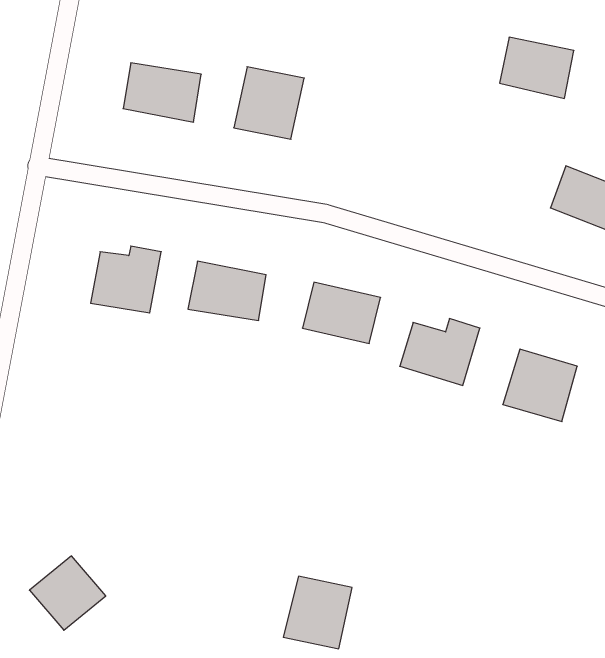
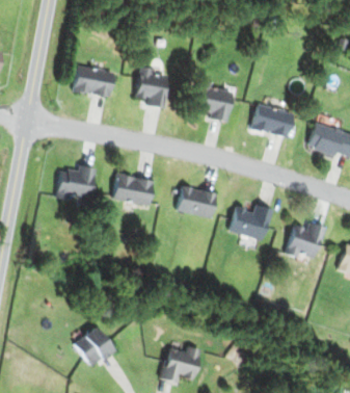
building: [500,37,574,98] -> [254,105,295,138]
building: none -> [199,83,236,122]
building: [29,556,106,630] -> [75,325,116,366]

